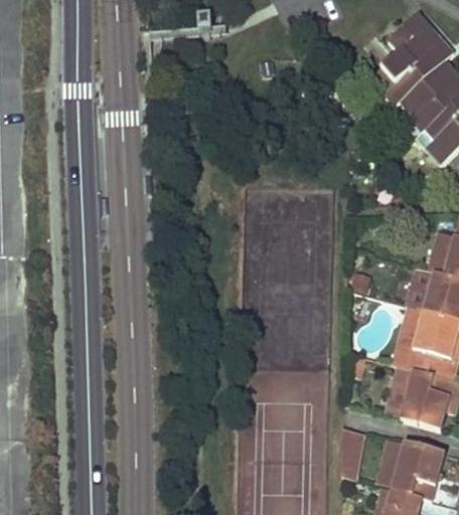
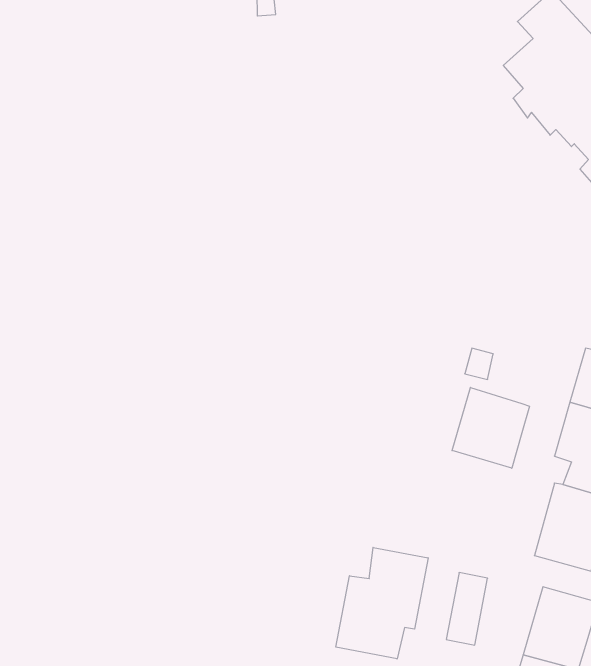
building: none -> [452,387,529,468]
building: none -> [336,547,428,659]

